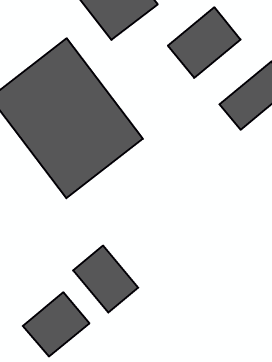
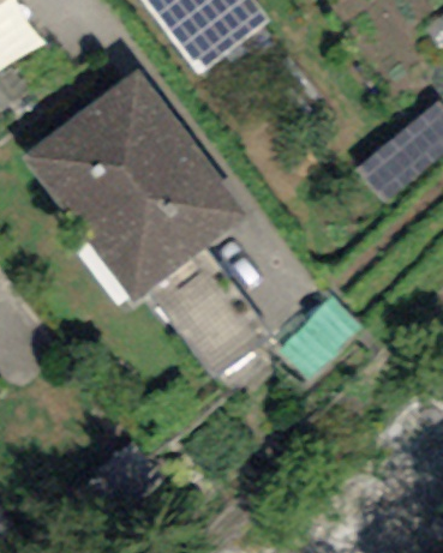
building: [168,7,241,78] -> none
building: [73,246,138,313] -> none

